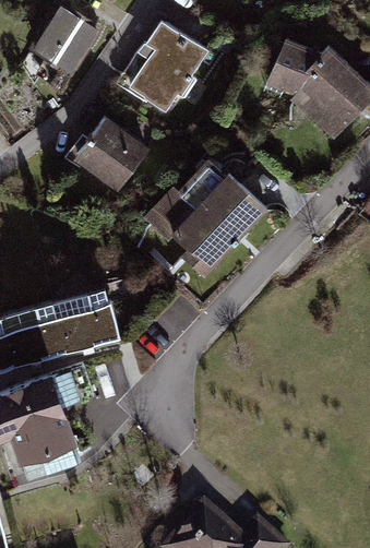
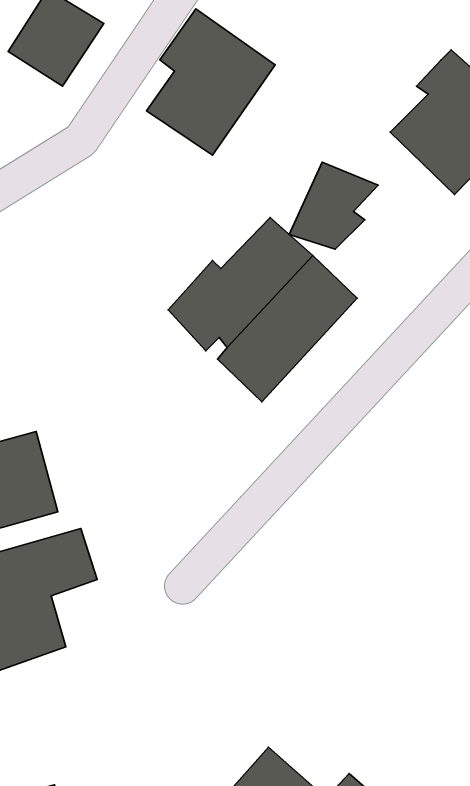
building: [262,38,321,96] -> [289,162,378,249]
building: [72,117,146,190] -> none
building: [52,286,121,354] -> none

